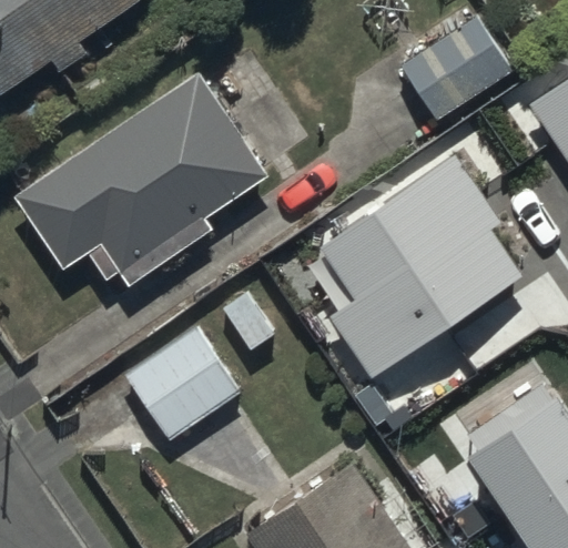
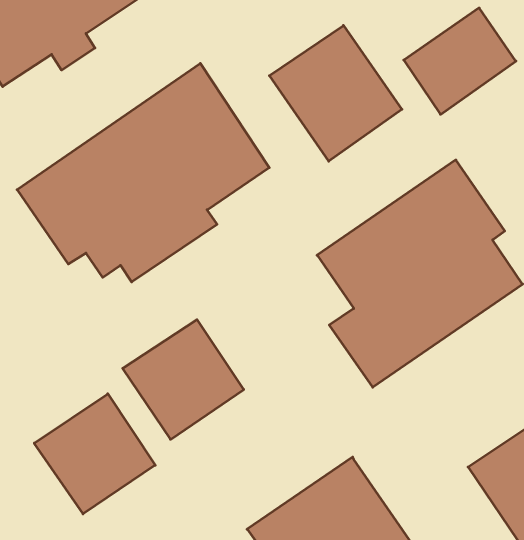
building: none -> [269,25,402,161]
building: none -> [34,394,155,514]

